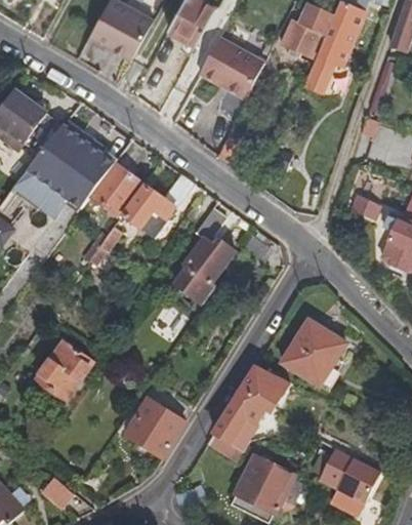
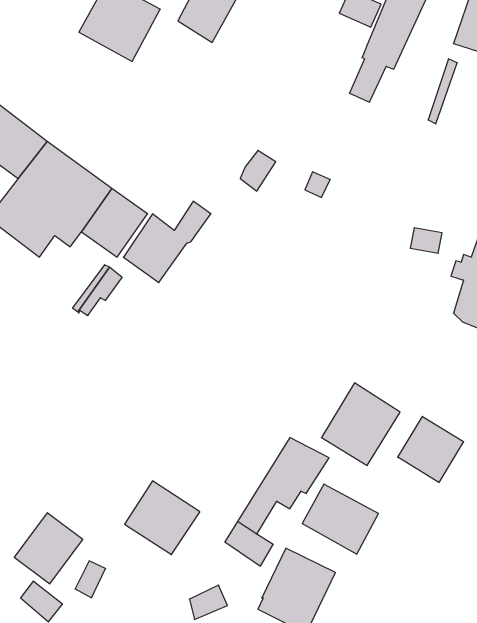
building: [280,17,323,59] -> none
building: [199,37,263,98] -> none
building: [172,204,236,307] -> none
building: [37,340,92,398] -> [14,513,83,584]
building: none -> [398,416,464,482]
building: [320,445,381,501] -> [302,484,378,554]

